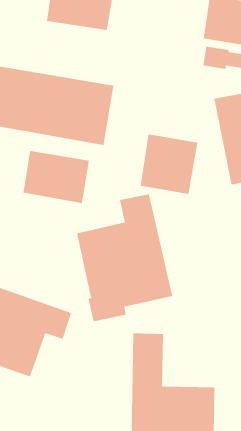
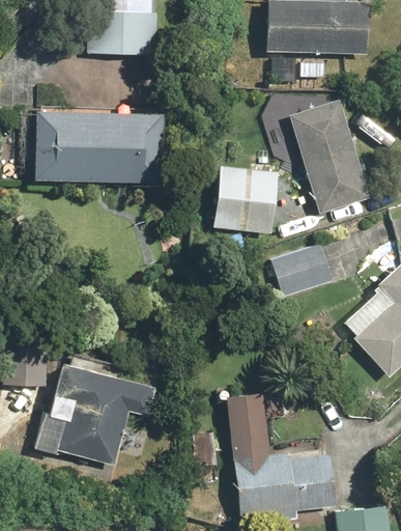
building: [23,150,89,204] -> none
building: [76,194,173,322] -> none
building: none -> [271,244,333,297]

